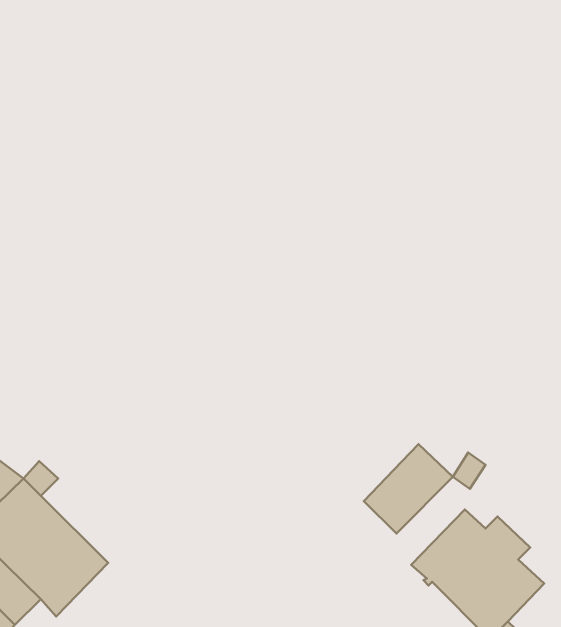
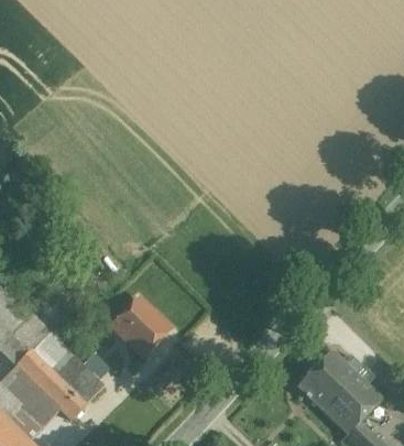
building: none -> [112,297,171,356]
building: [364,444,453,534] -> none

